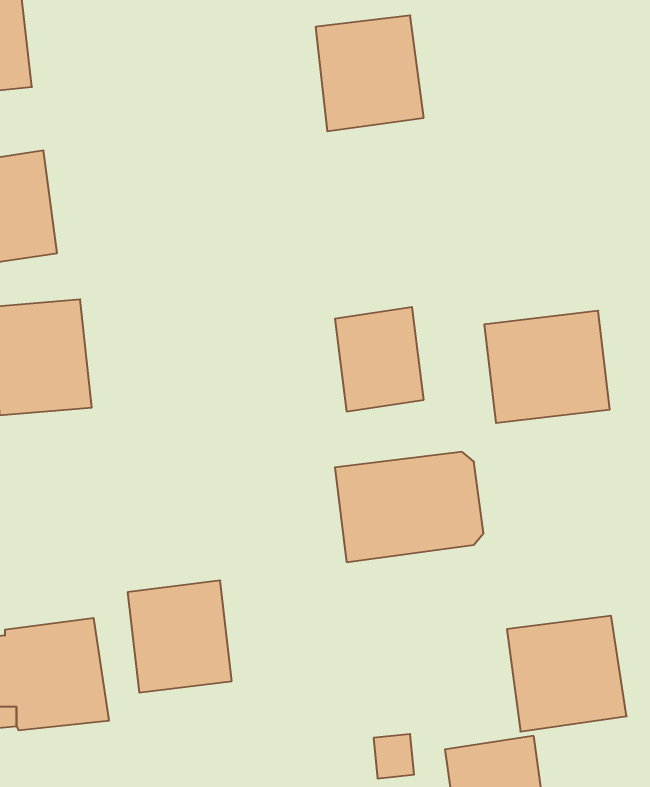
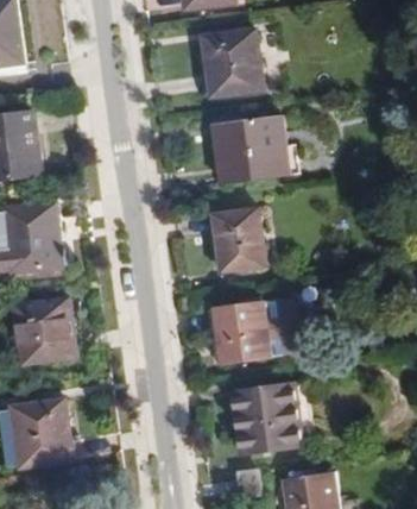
building: [484,311,610,423] -> [210,115,288,184]
building: [128,581,232,693] -> [12,296,76,365]
building: [507,616,627,732] -> [228,383,302,454]

